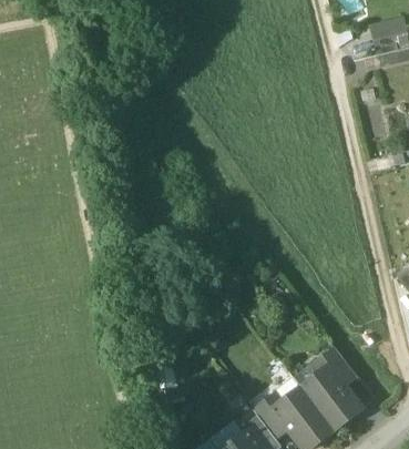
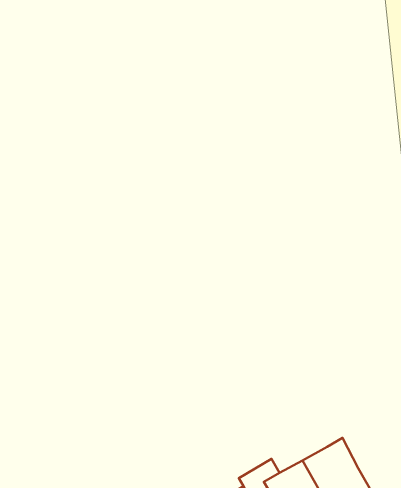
building: [310,346,358,387] -> none

